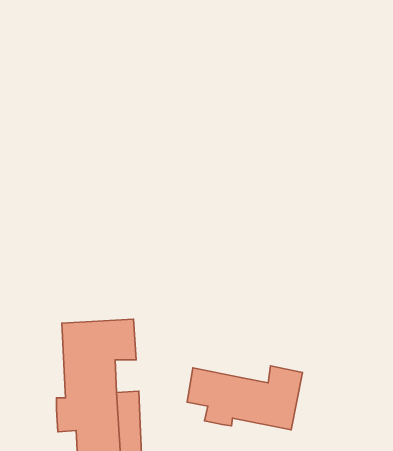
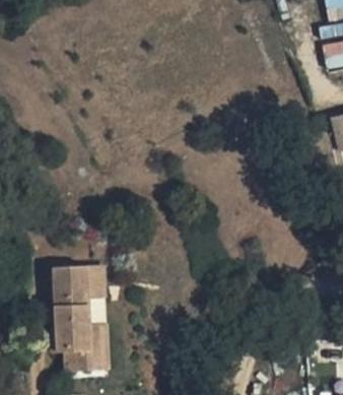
building: [187,366,303,430] -> none

